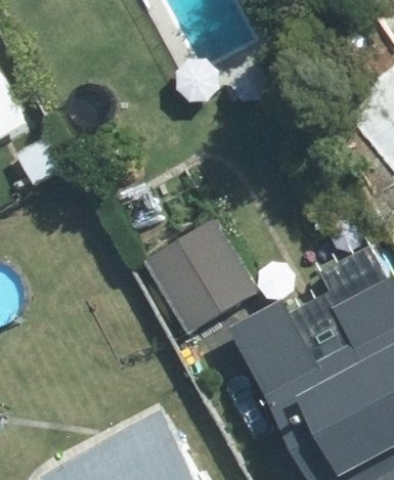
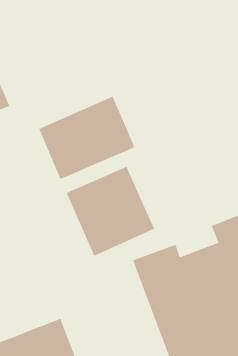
building: none -> [38,96,135,180]

